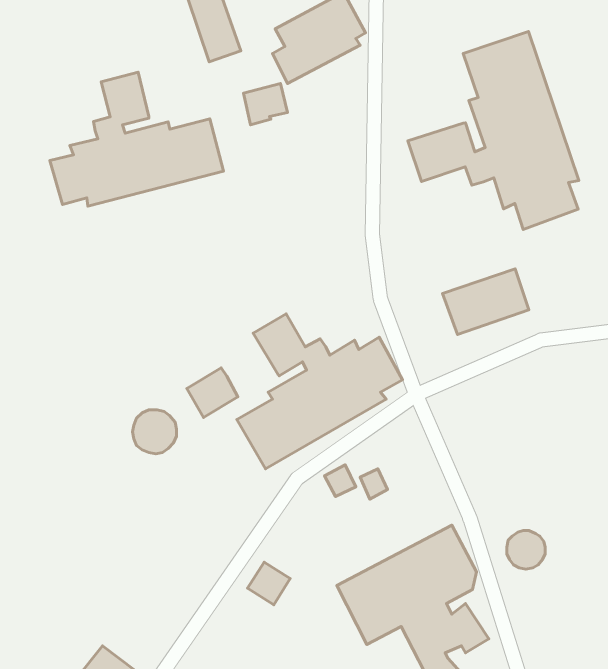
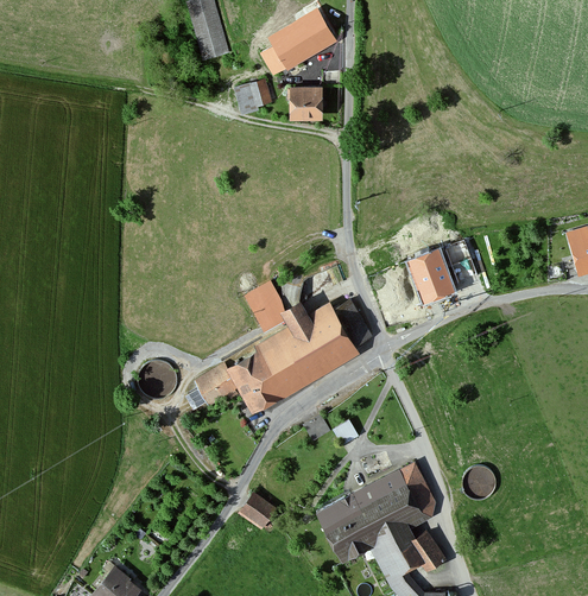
building: [408,32,579,229] -> none
building: [50,72,223,206] -> none
building: none -> [284,88,321,122]
building: [187,368,238,417] -> [194,363,238,406]

